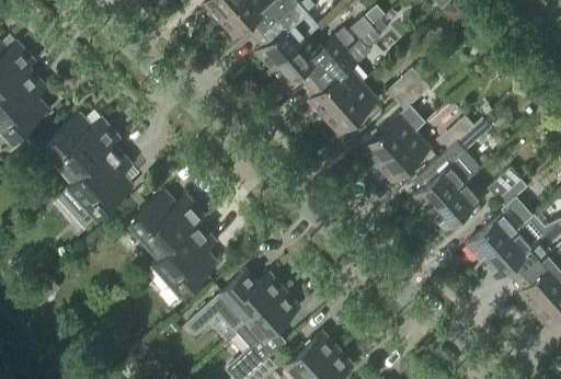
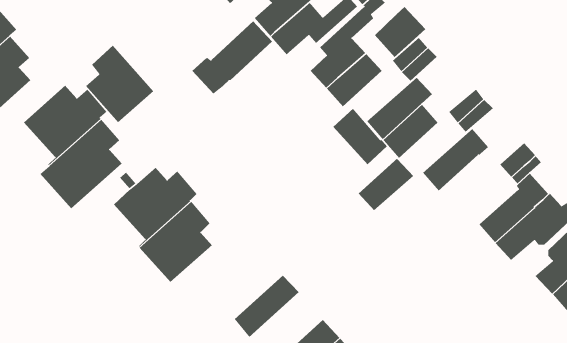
building: none -> [374,6,426,58]
building: none -> [192,21,273,95]
building: none -> [85,45,154,123]
building: none -> [333,108,388,165]
building: [431,181,483,231] -> [358,157,414,211]
building: [184,269,285,337] -> none

